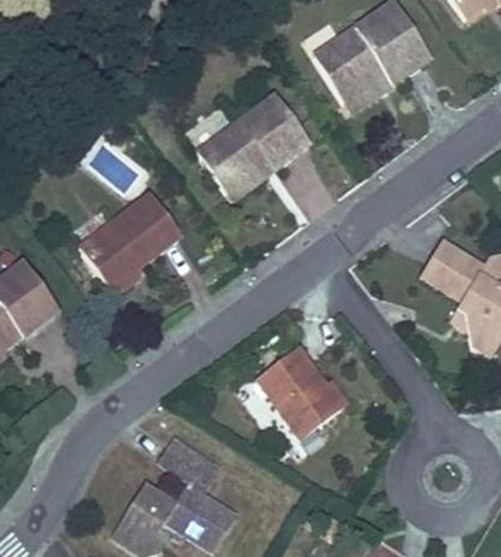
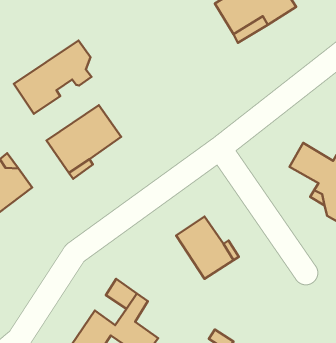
building: [194,91,313,195] -> none
building: none -> [14,40,91,114]

